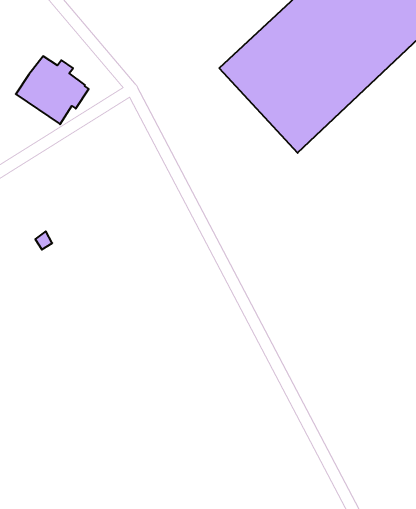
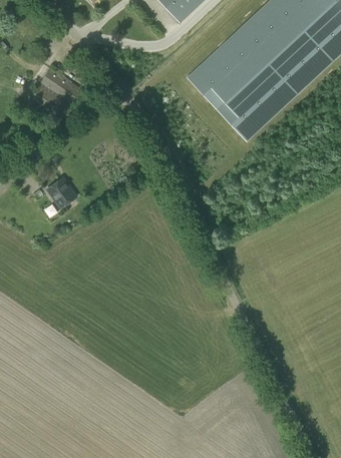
building: none -> [48,178,75,209]

